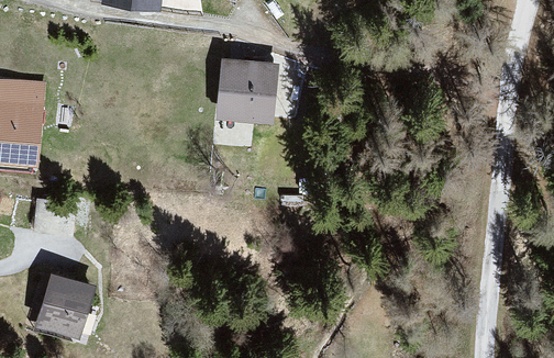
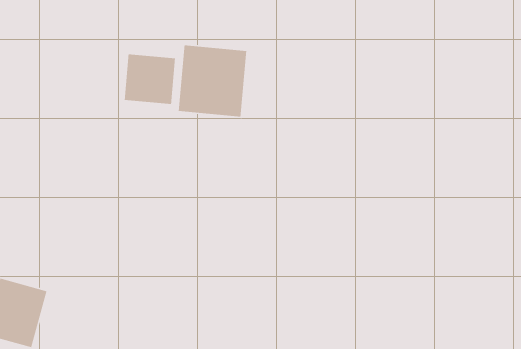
building: none -> [124,54,176,105]

